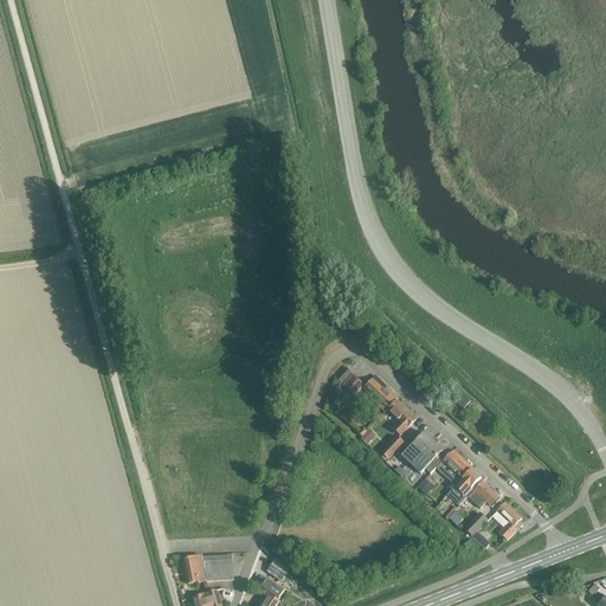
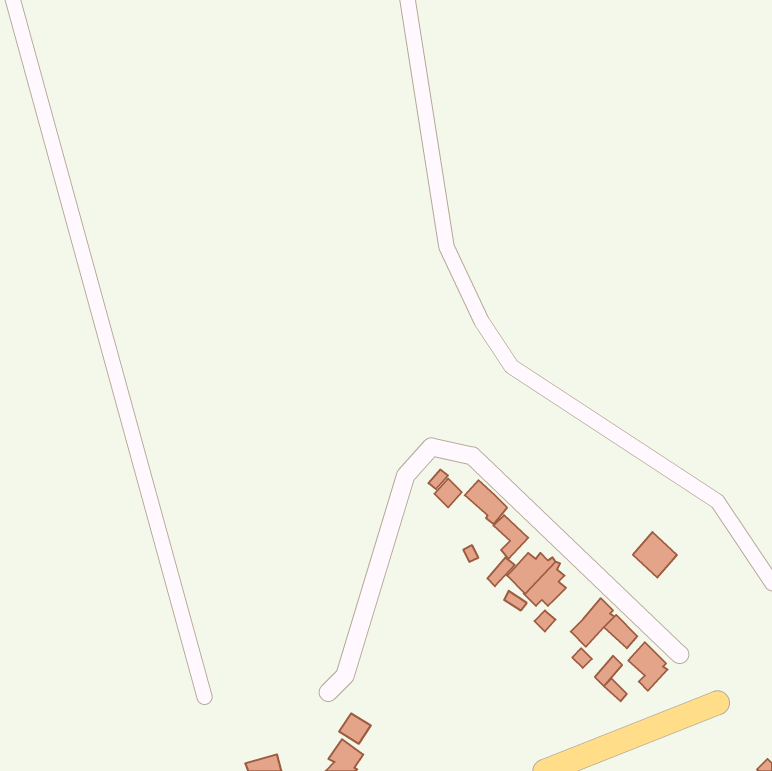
building: [437,449,471,484] -> [633,532,677,578]
building: [182,555,232,582] -> none

